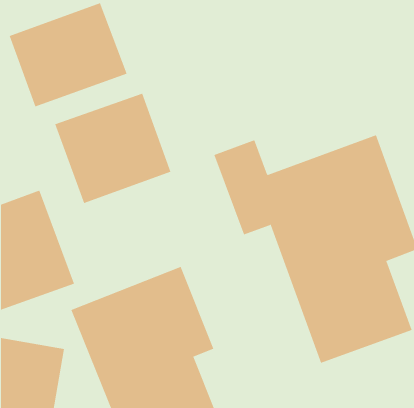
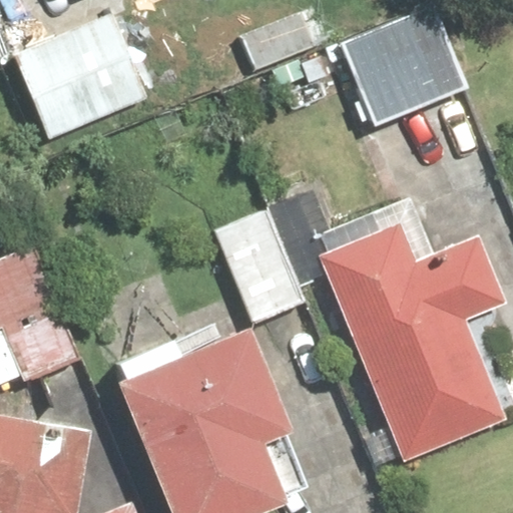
building: none -> [341,14,472,128]
building: [55,93,171,204] -> none
building: none -> [213,209,300,321]

